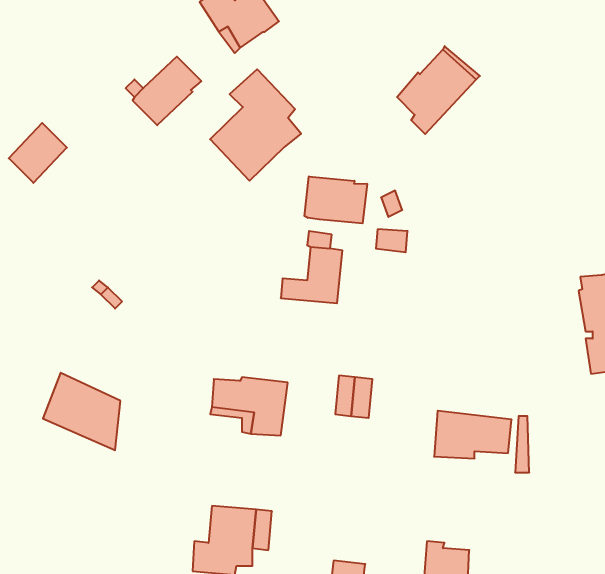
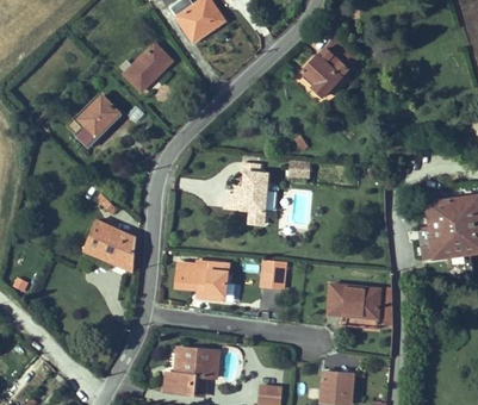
building: [210,69,301,181] -> none
building: [9,123,67,183] -> [79,95,118,136]
building: [304,176,367,223] -> none
building: [43,373,120,450] -> [83,219,136,272]

